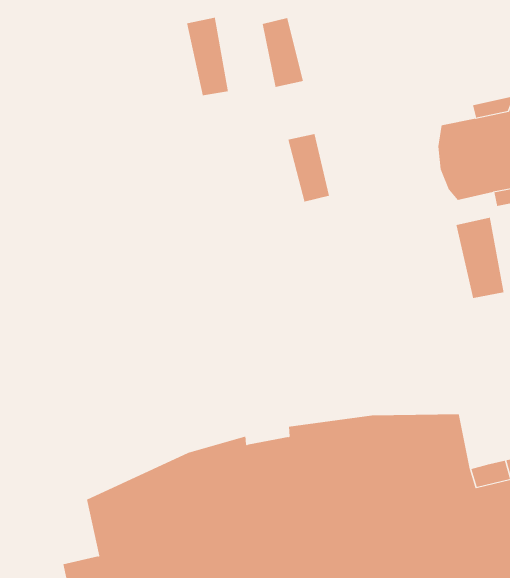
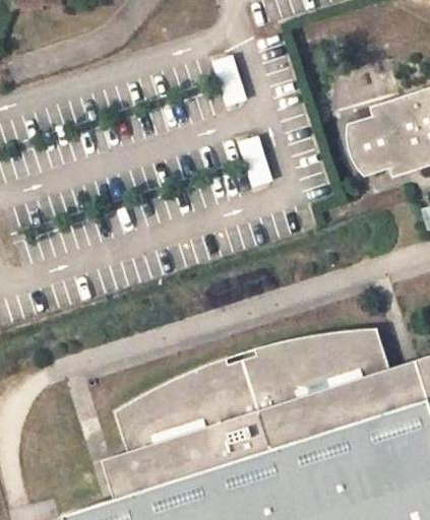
building: [187,17,229,96] -> none
building: [456,217,504,299] -> none

